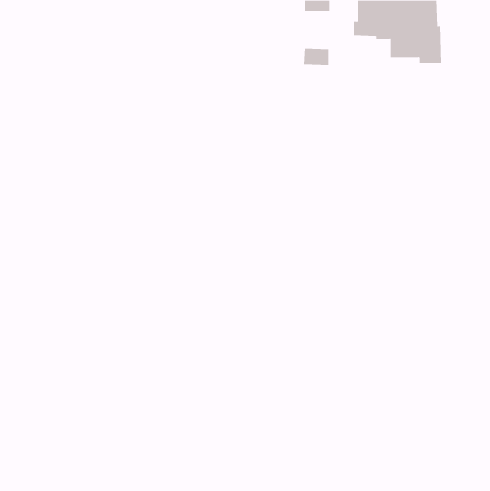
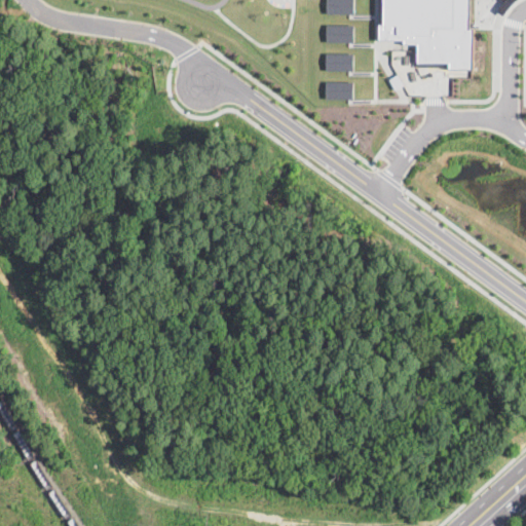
building: none -> [325,25,352,42]
building: none -> [324,81,351,99]

